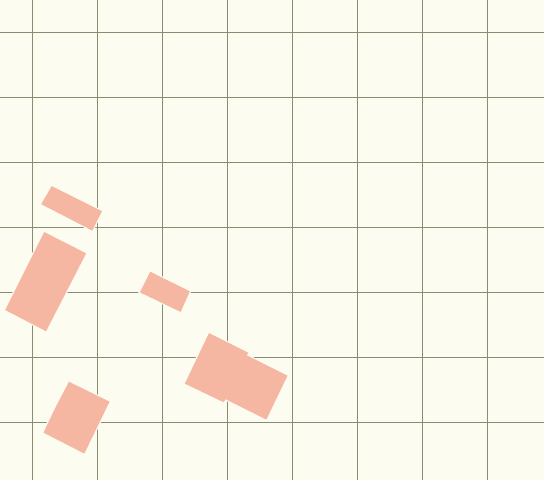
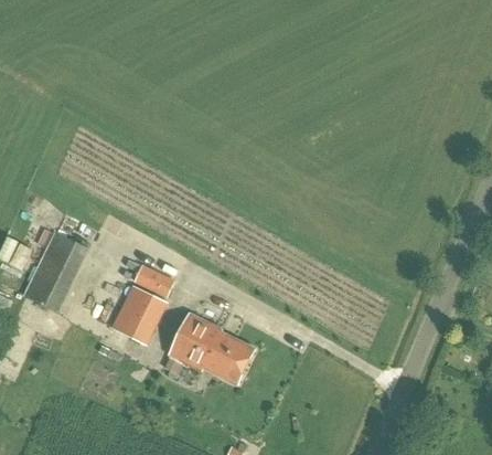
building: [40,185,103,231] -> none
building: [43,381,111,454] -> [110,286,165,346]

